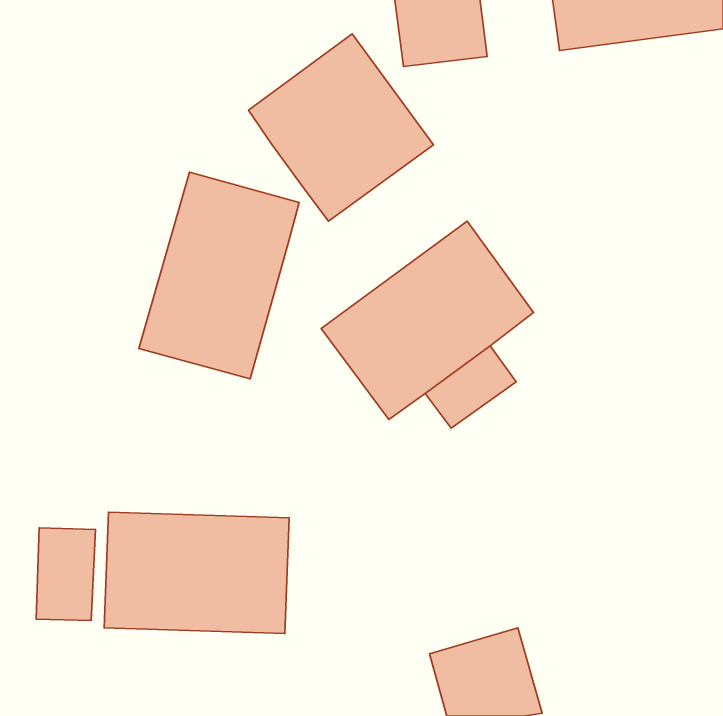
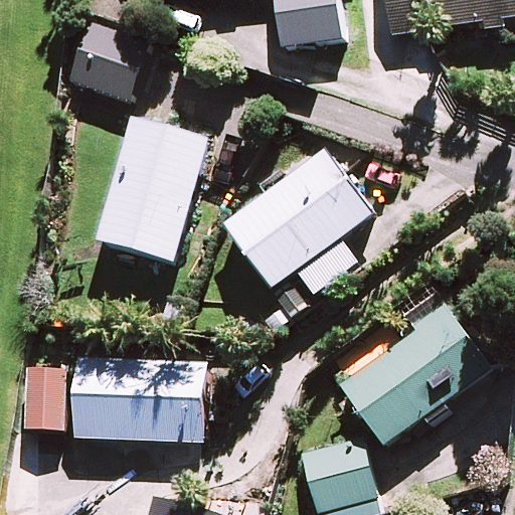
building: none -> [69,22,148,99]
building: [248,34,434,221] -> none
building: none -> [339,306,492,450]

